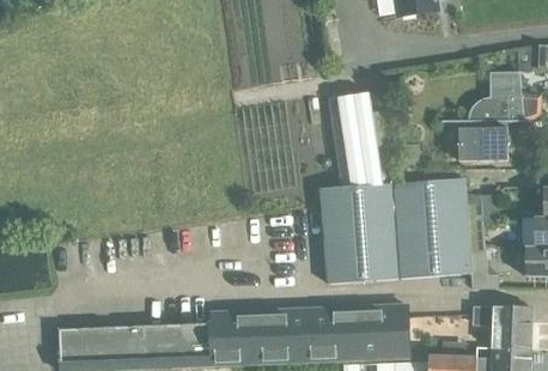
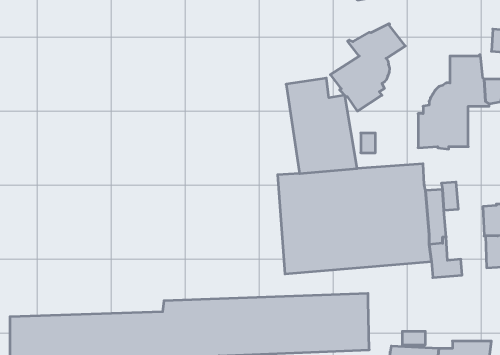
building: none -> [330,24,405,111]
building: [473,306,532,351] -> none

